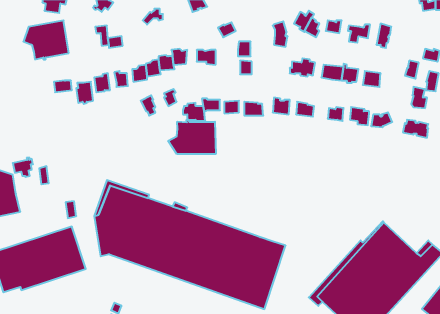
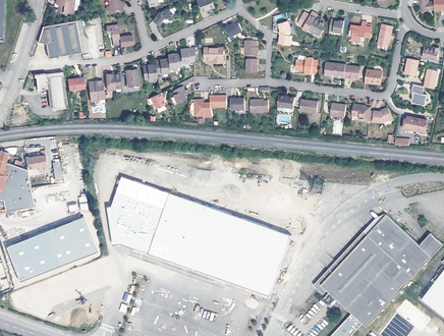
building: none -> [34,70,66,107]
building: [168,120,216,154] -> none

